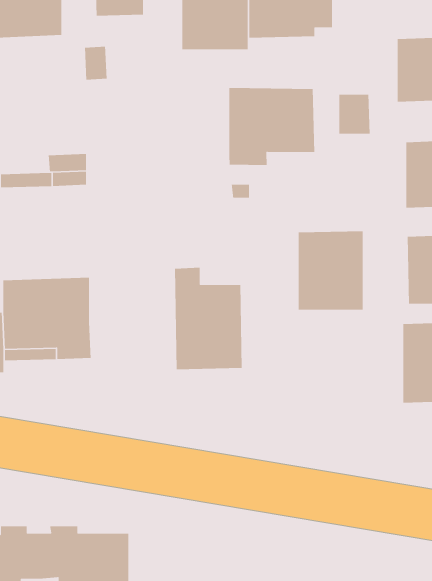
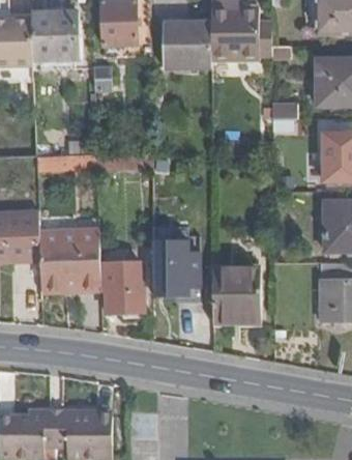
building: [229,87,315,166] -> none
building: [298,230,363,310] -> [212,266,259,323]
building: none -> [97,261,144,313]

